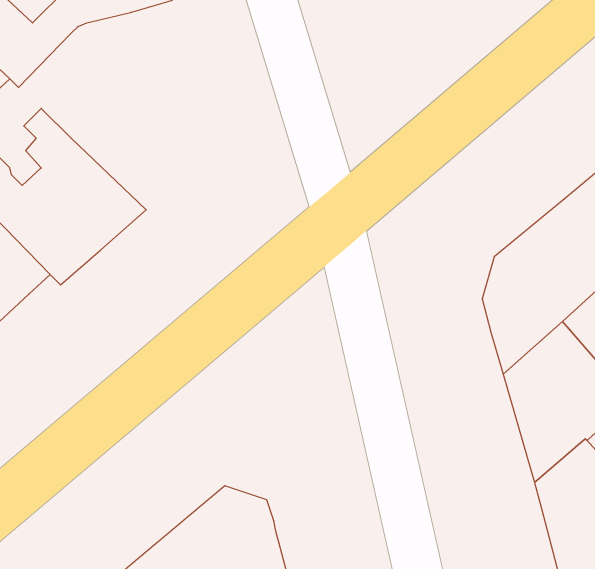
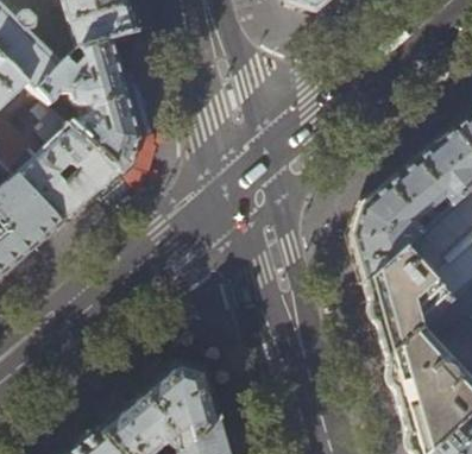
building: none -> [37,42,139,176]

